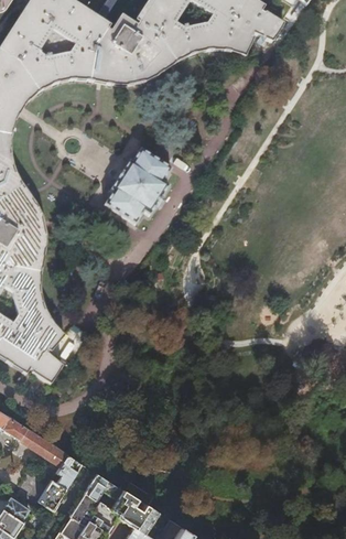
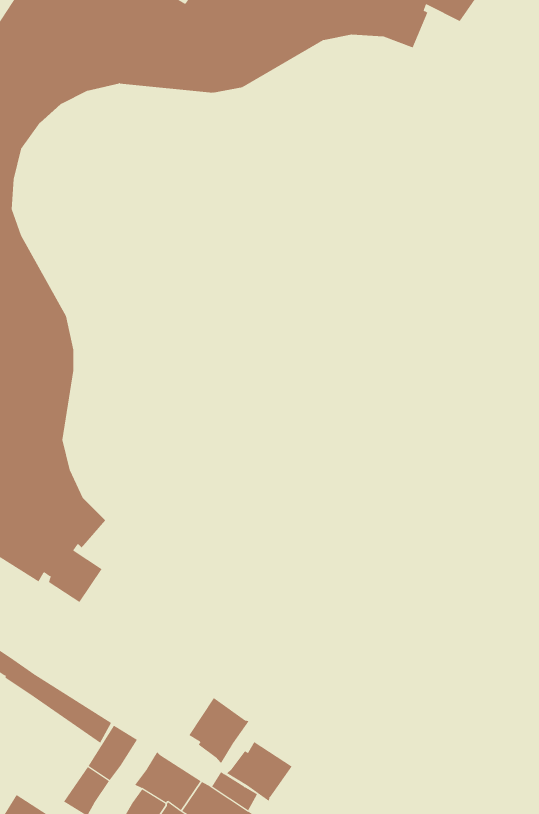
building: [106,150,173,225] -> none
building: none -> [189,697,250,764]
building: none -> [226,741,293,802]

